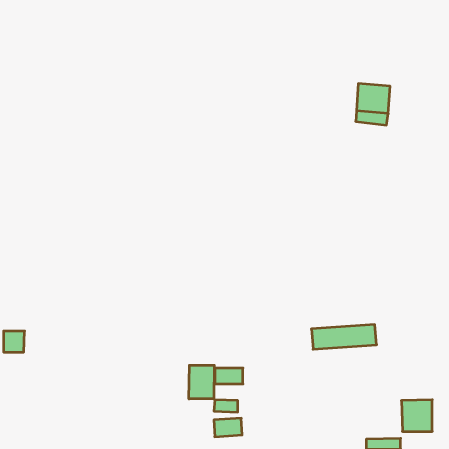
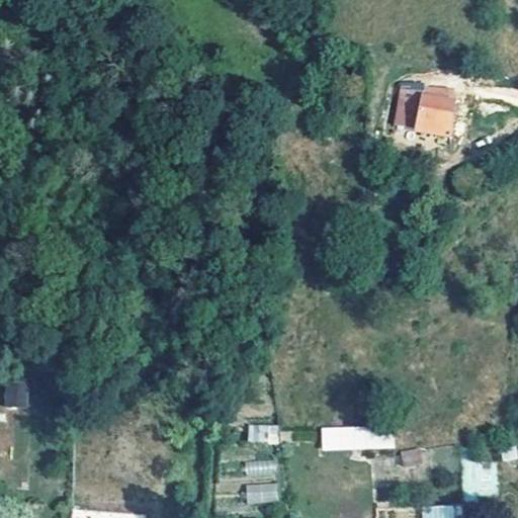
building: [311,325,377,349] -> [321,423,396,451]
building: [189,365,214,399] -> none

